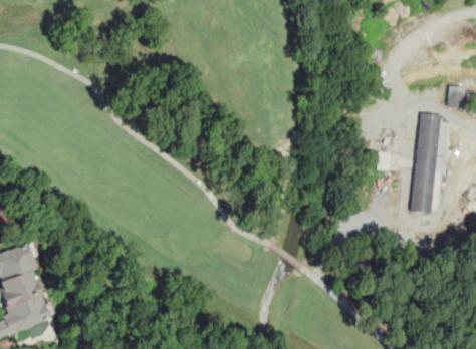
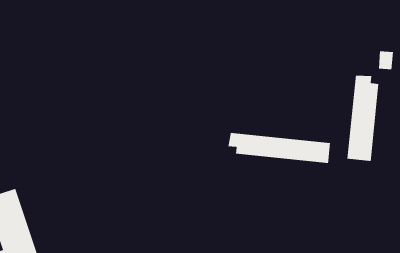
building: none -> [228,132,331,164]

